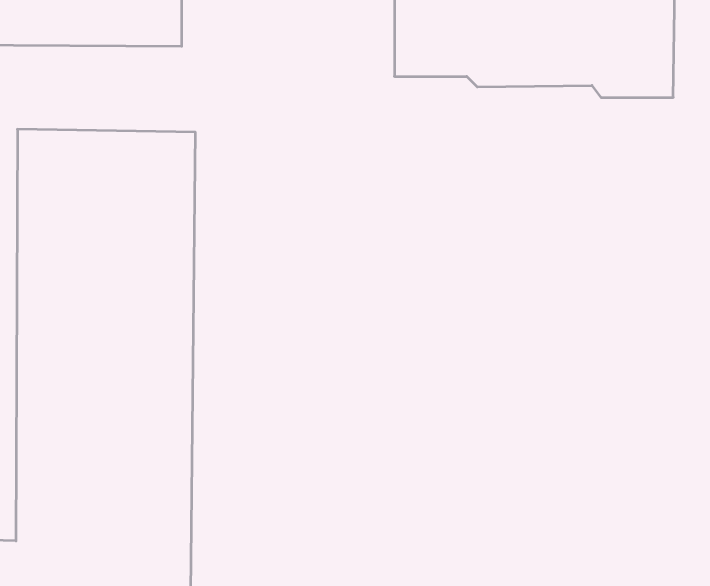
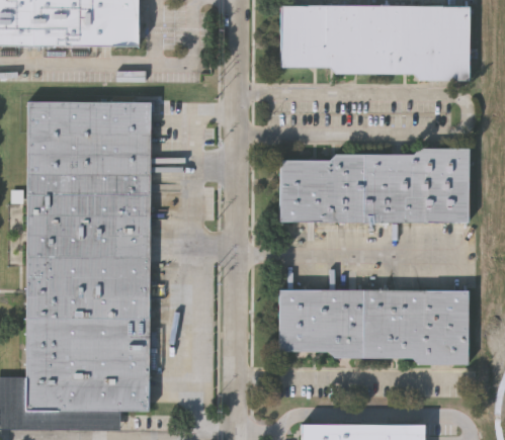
building: none -> [281,147,470,222]
building: none -> [280,291,469,366]

